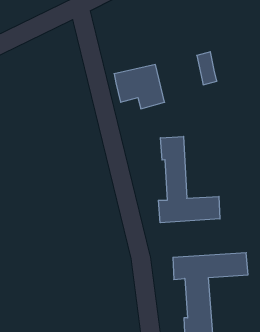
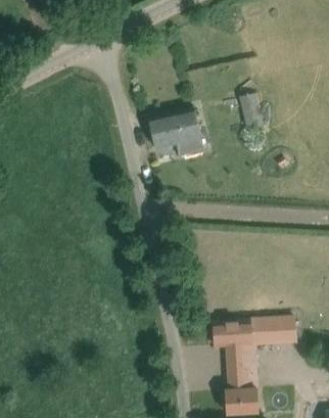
building: [158,136,220,223] -> none

